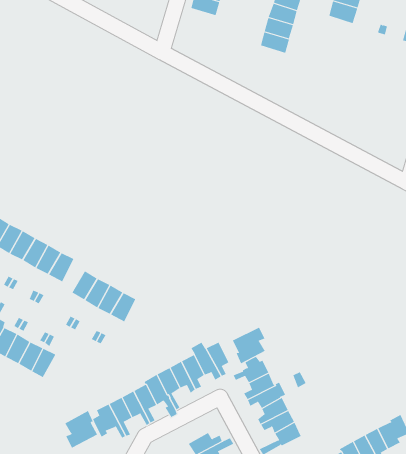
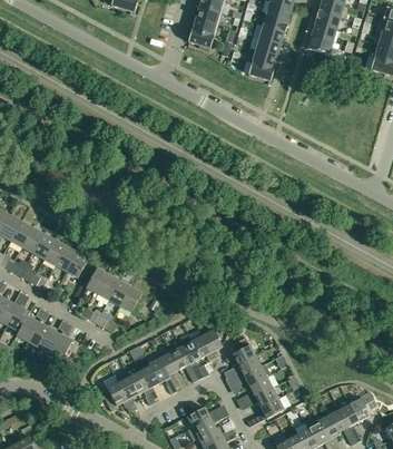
building: [232,327,265,364] -> none
building: [65,410,98,448] -> none

